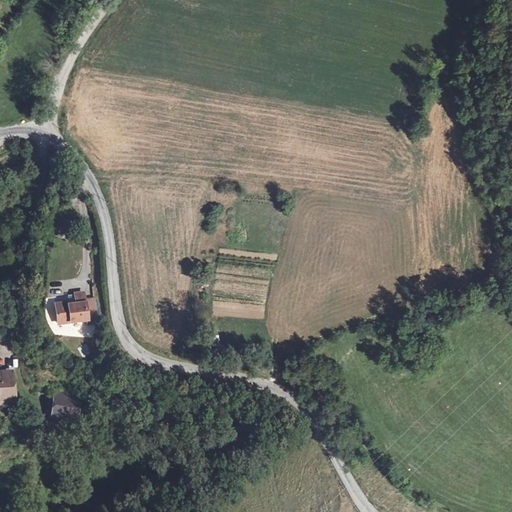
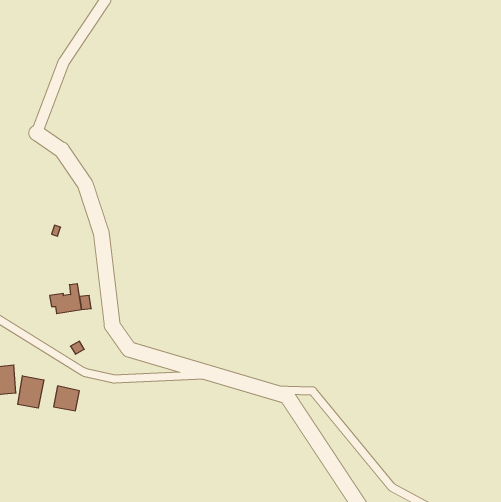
building: none -> [18,376,44,408]

